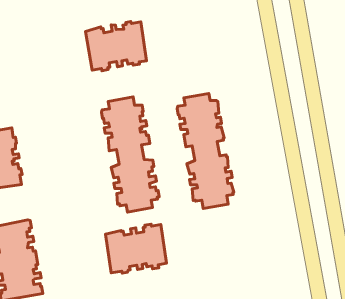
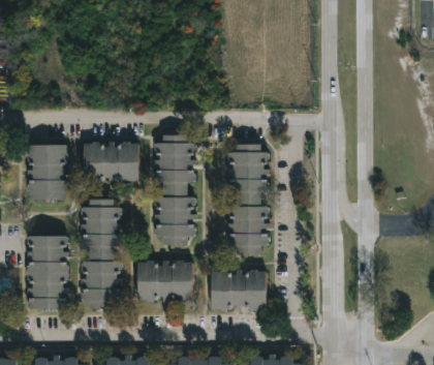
building: [85,21,146,71] -> [83,140,137,182]
building: none -> [80,197,122,307]
building: none -> [211,269,266,310]

